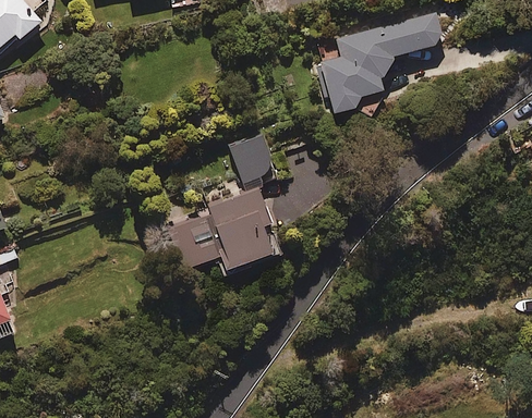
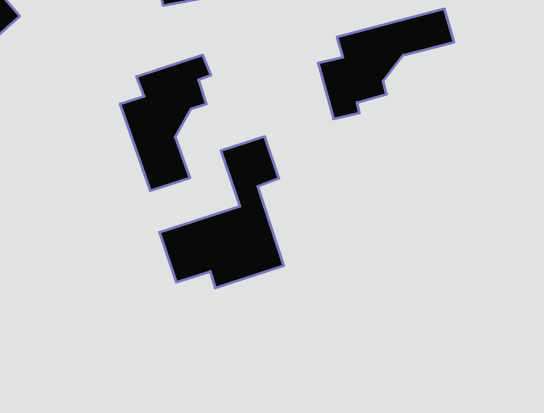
building: none -> [120,55,211,191]

